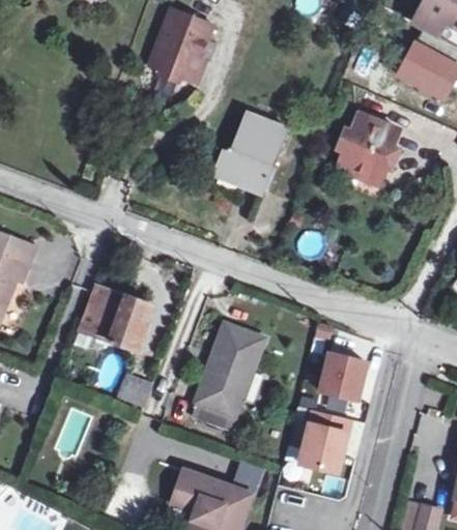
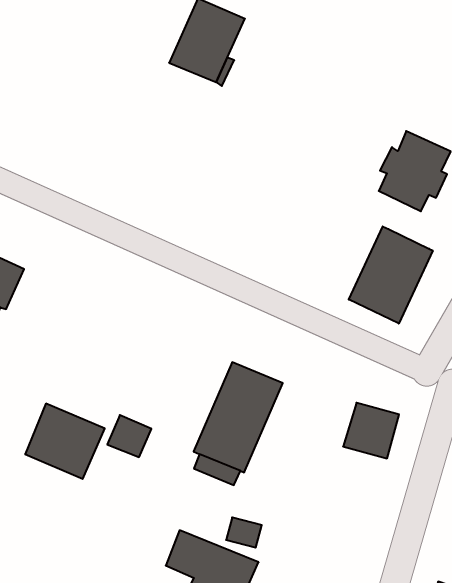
building: [220,115,287,197] -> none
building: none -> [349,226,433,324]
building: [81,285,148,348] -> [25,404,105,479]
building: [301,408,351,470] -> none

